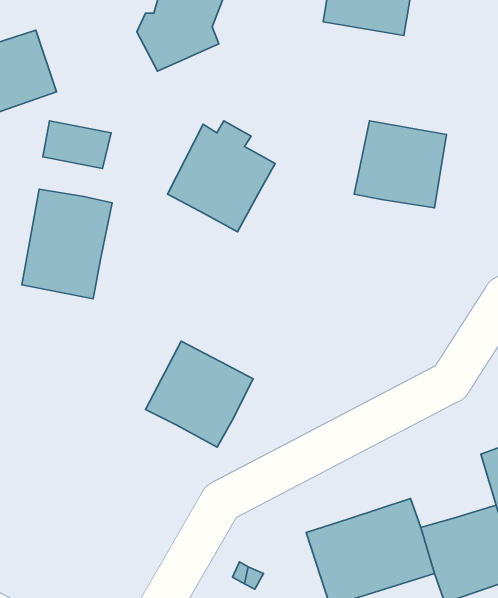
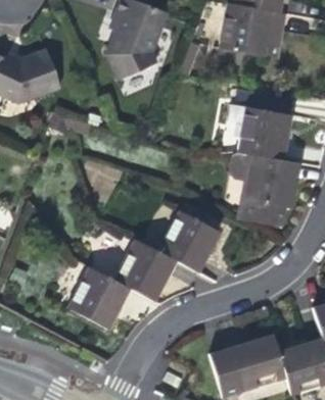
building: [167,121,275,232] -> [157,206,222,272]
building: [22,189,112,299] -> none
building: none -> [242,153,300,224]
building: none -> [68,266,131,328]

